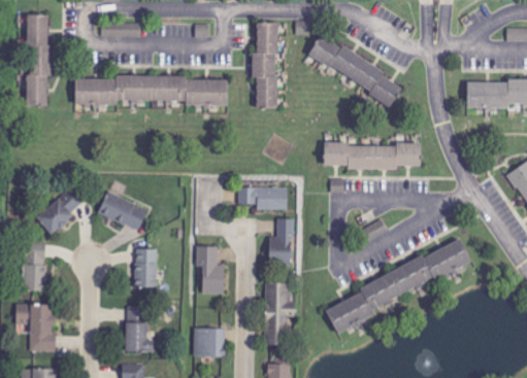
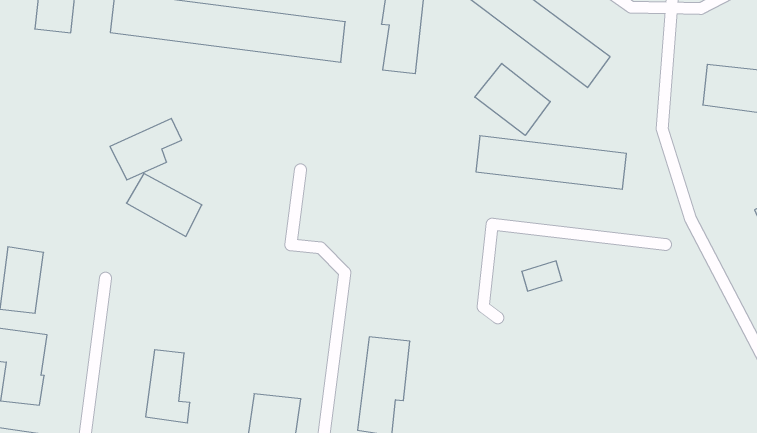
building: none -> [475,63,550,135]
building: [237,186,287,209] -> none
building: [35,190,81,233] -> [110,118,182,180]
building: [267,217,293,265] -> none
building: [322,241,472,327] -> none
building: [196,245,224,294] -> none
building: [134,248,157,287] -> none

